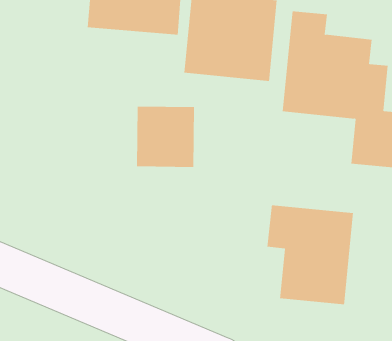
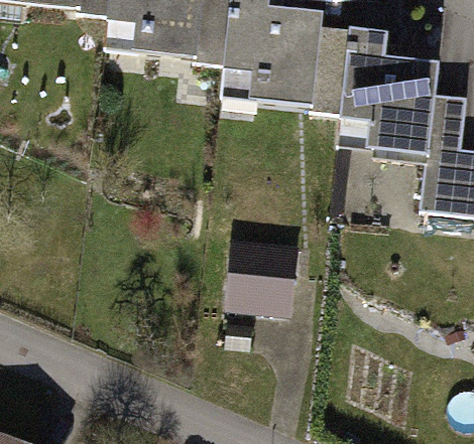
building: [136,106,195,167] -> [221,240,291,313]
building: [267,205,353,305] -> none

